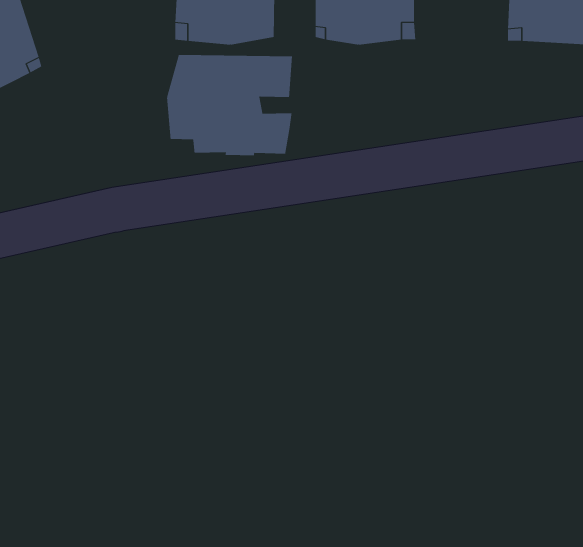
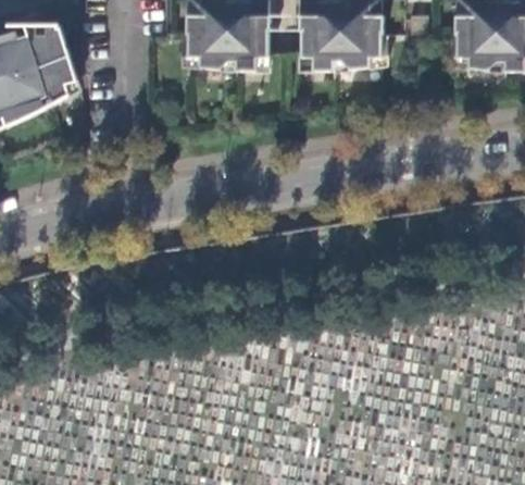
building: [167,54,293,156] -> none

